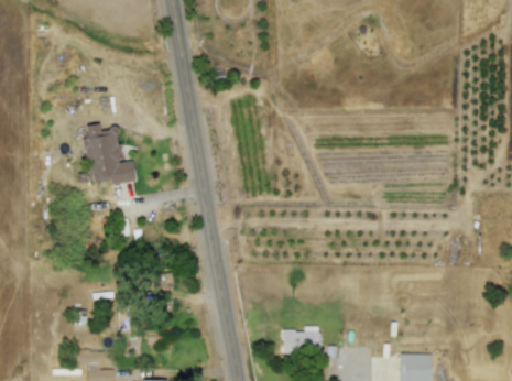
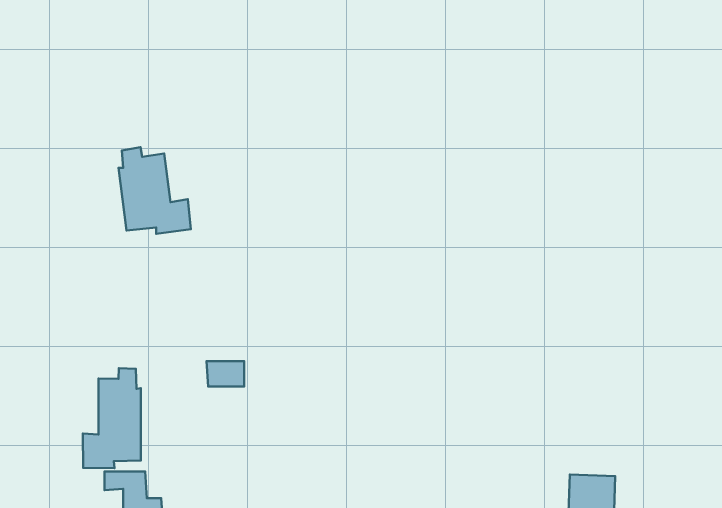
building: none -> [83,368,141,468]
building: [284,325,320,352] -> none

